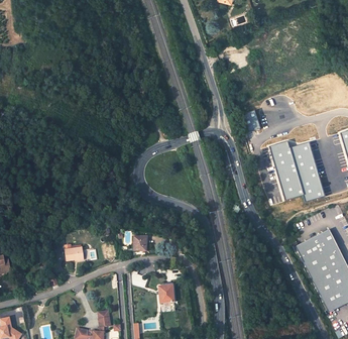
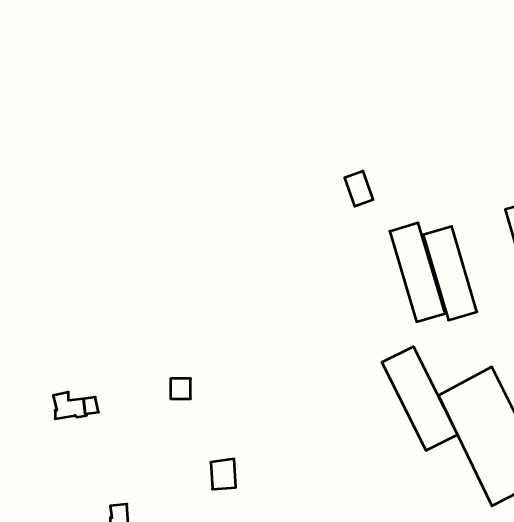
building: none -> [382,347,458,451]

